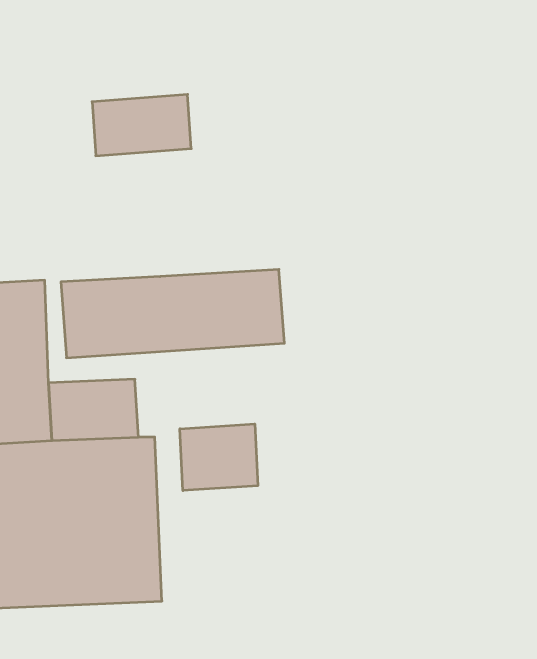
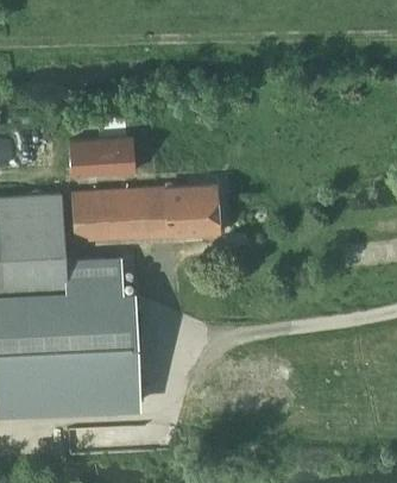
building: [92,94,191,156] -> [71,138,137,178]
building: [180,424,258,491] -> none

